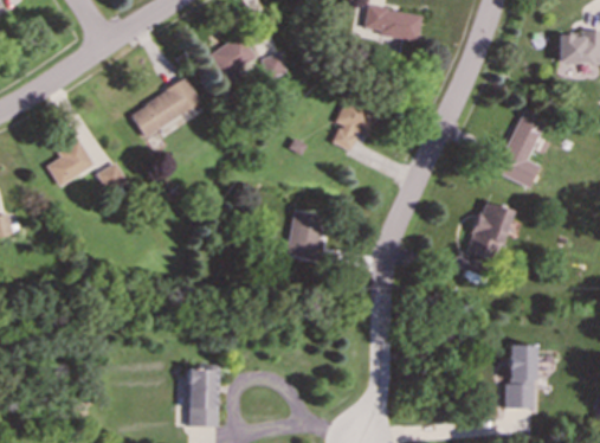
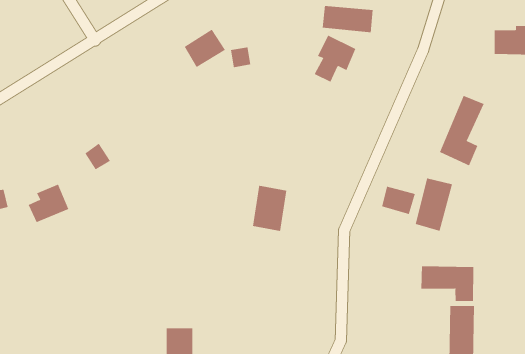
building: [130,77,201,136] -> none
building: [331,97,379,150] -> [314,35,356,83]
building: [47,140,93,184] -> [28,184,69,223]
building: none -> [381,186,416,215]
building: none -> [421,266,474,302]

